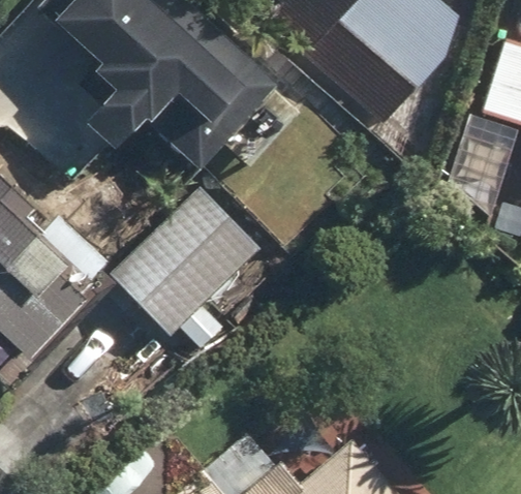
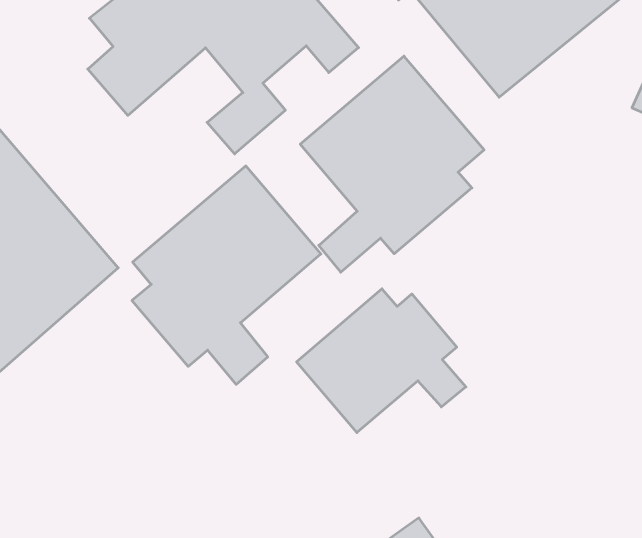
building: none -> [300,56,484,272]
building: none -> [297,289,466,433]

